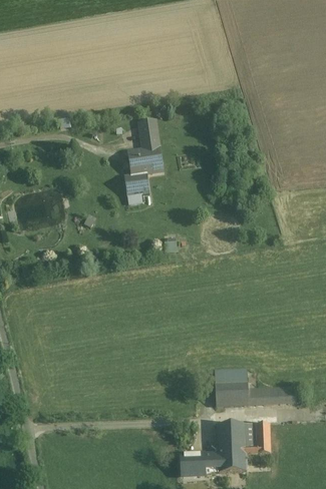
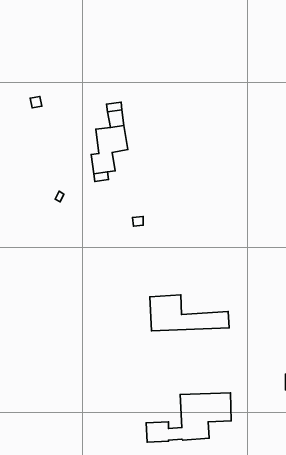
building: [214,368,296,405] -> [150,295,229,331]

